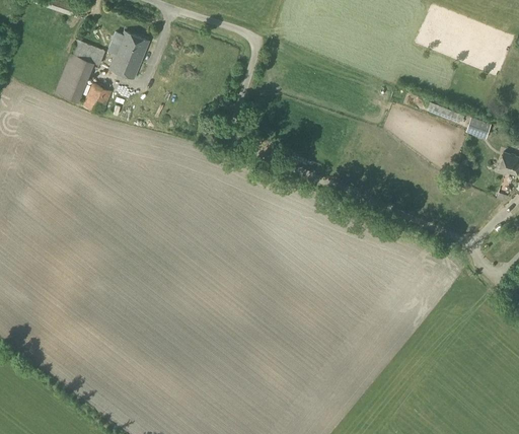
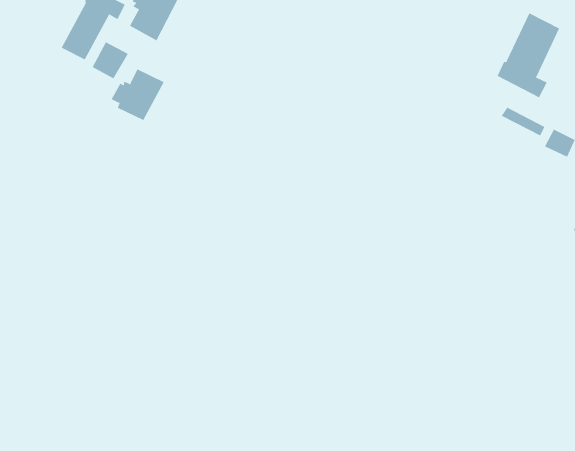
building: none -> [497,12,560,98]
building: none -> [111,68,165,121]

